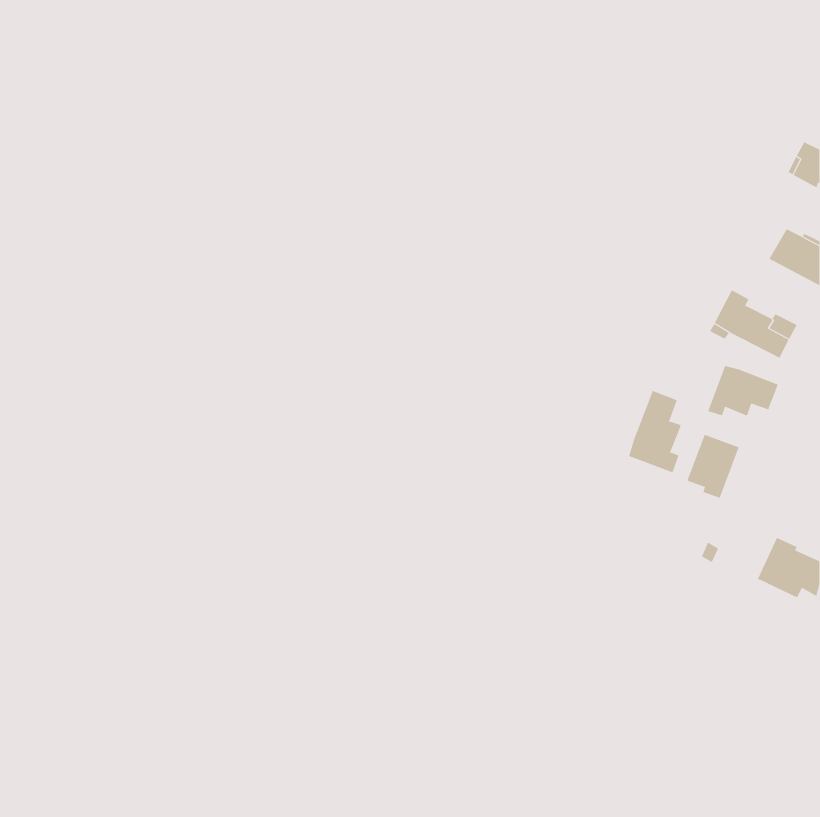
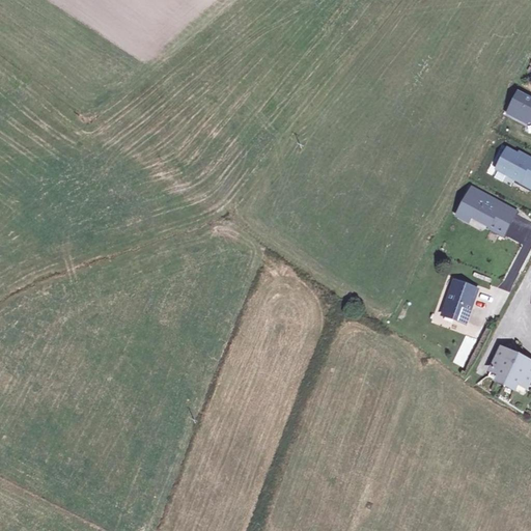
building: [708,365,778,416] -> none
building: [629,390,681,473] -> none

